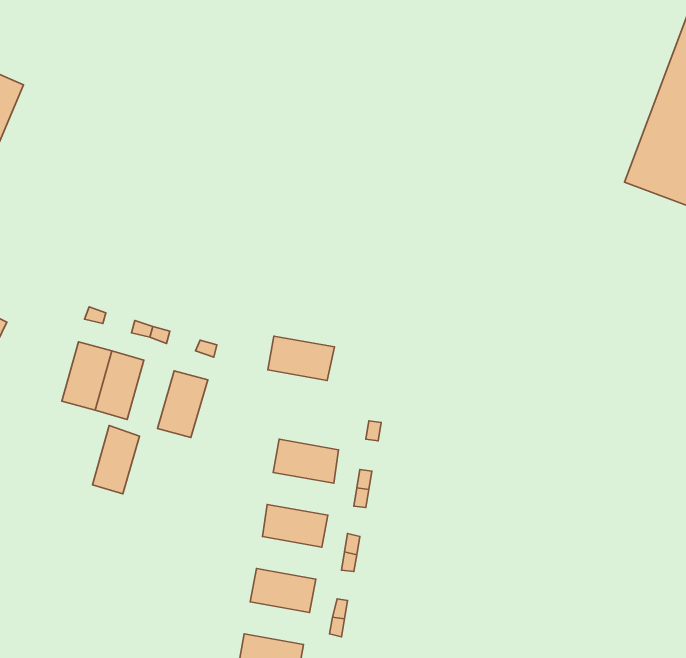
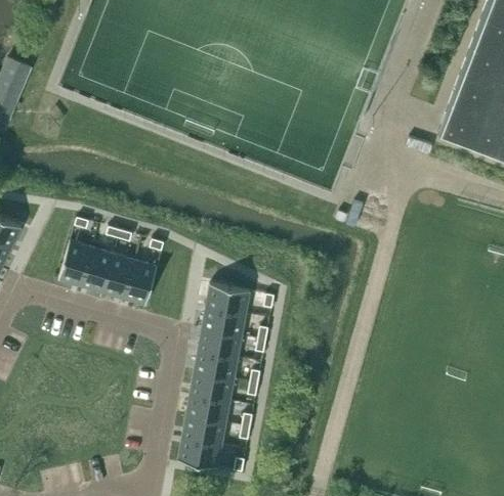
building: [268,336,335,380] -> [205,284,250,314]
building: [92,426,140,494] -> [102,254,134,300]
building: none -> [197,329,242,358]
building: none -> [190,372,234,401]
building: none -> [181,416,225,445]

